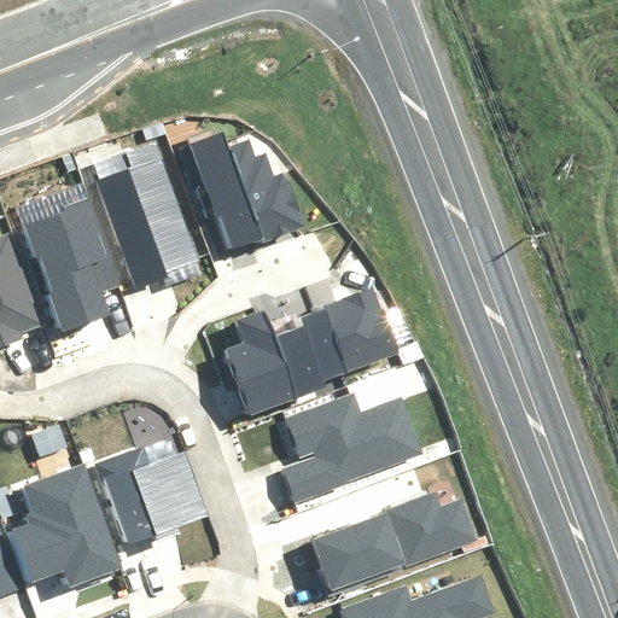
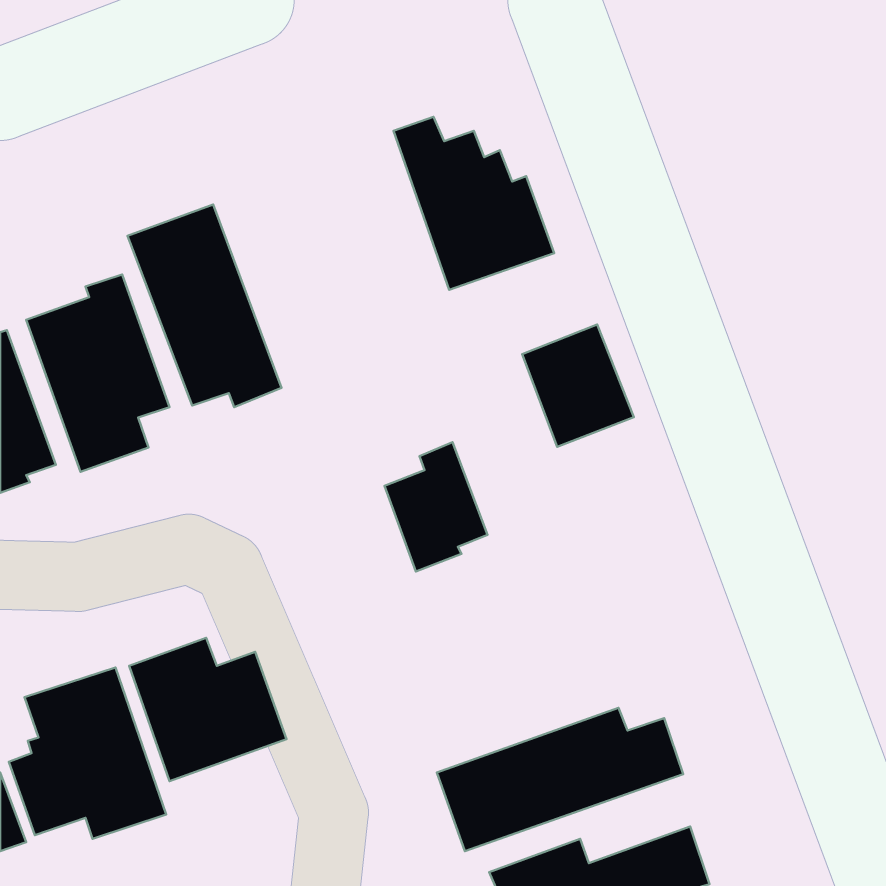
building: [187,133,298,252] -> [393,117,554,290]
building: [317,290,395,374] -> [522,325,634,447]
building: [223,311,292,415] -> none
building: [285,395,425,500] -> none

